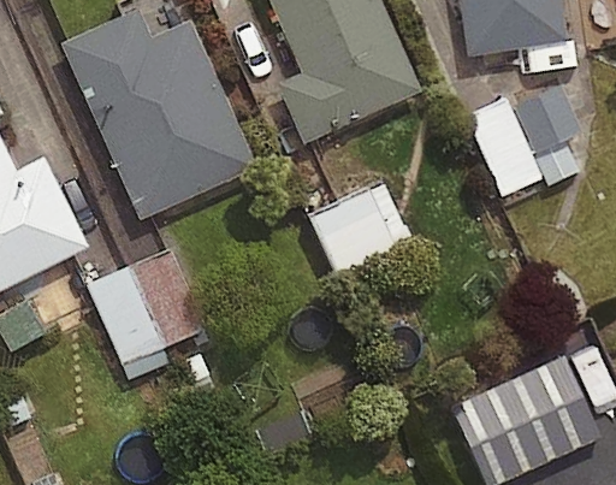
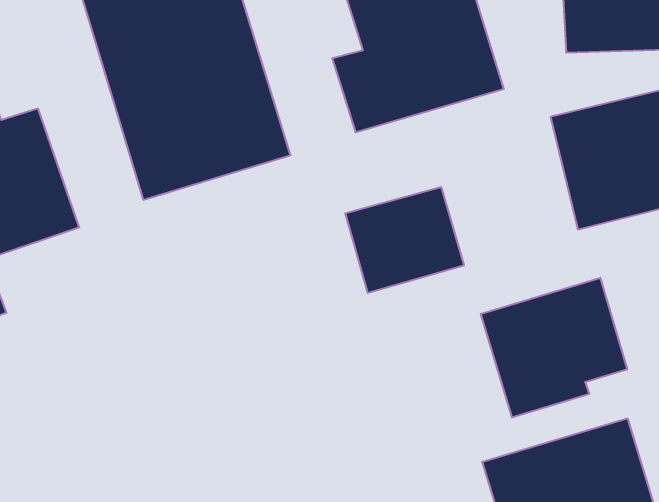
building: none -> [481,278,627,418]
building: [85,247,200,377] -> none

